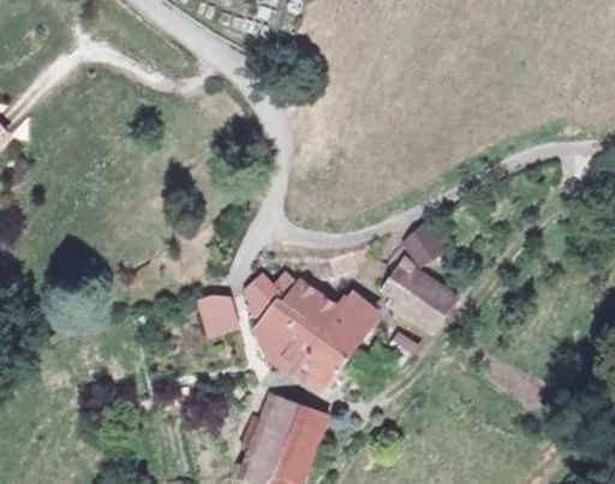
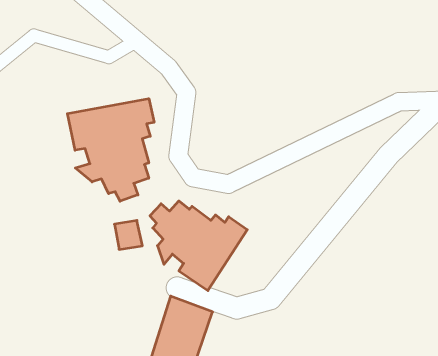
building: none -> [67,99,154,201]
building: [378,226,461,331] -> none

